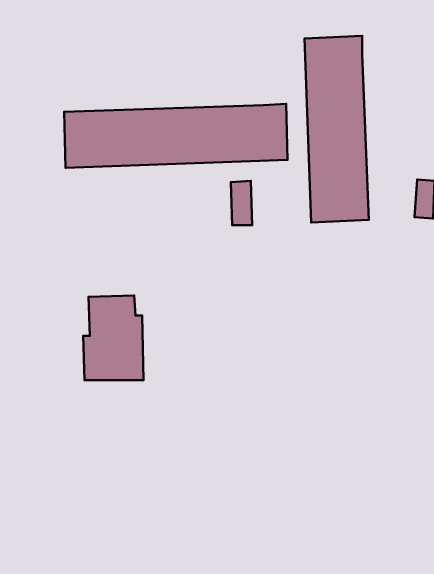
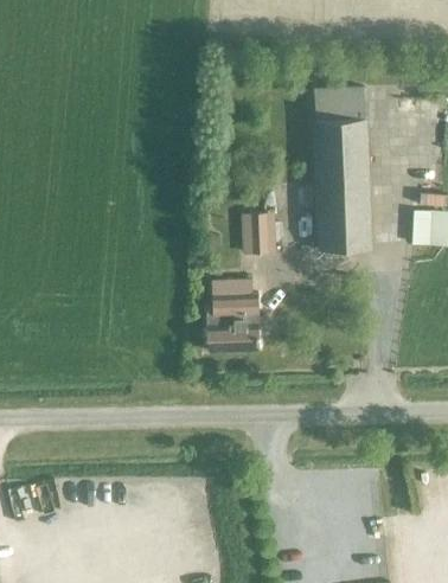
building: [64,104,288,168] -> none
building: [83,295,144,380] -> [206,276,260,351]

